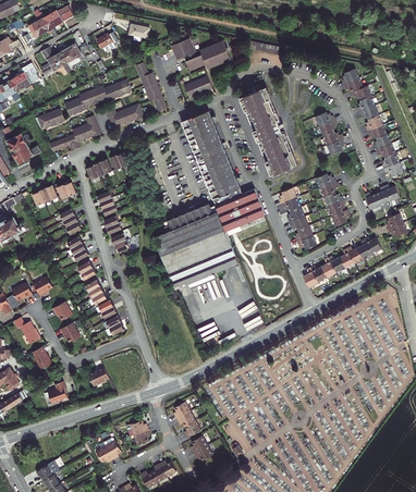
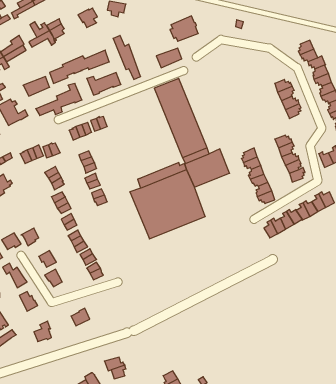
building: [170,38,203,71] -> none
building: [240,87,296,174] -> none
building: [173,402,199,438] -> none

